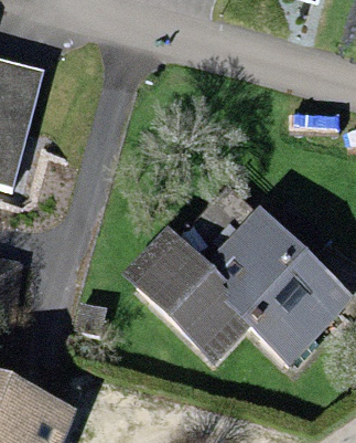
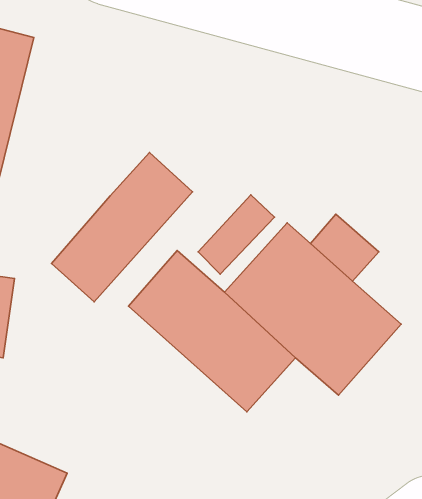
building: none -> [51,152,193,302]

